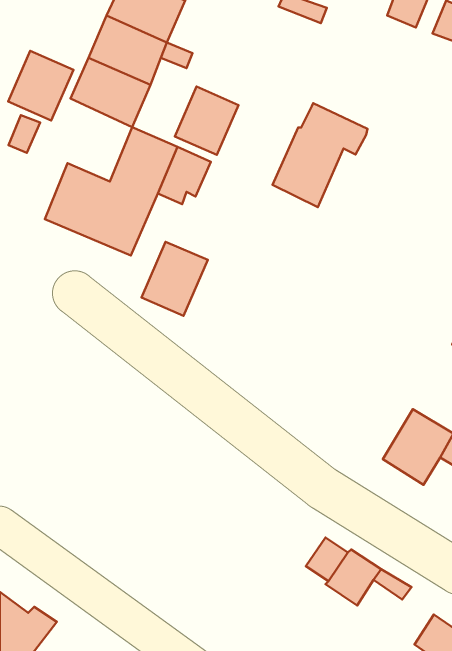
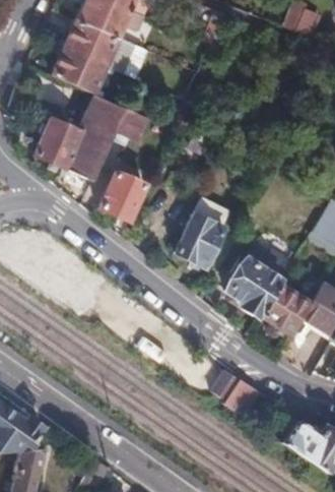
building: [8,51,74,120] -> none
building: [175,87,239,155] -> none
building: [273,103,368,207] -> [177,197,241,267]
building: none -> [228,246,295,318]

